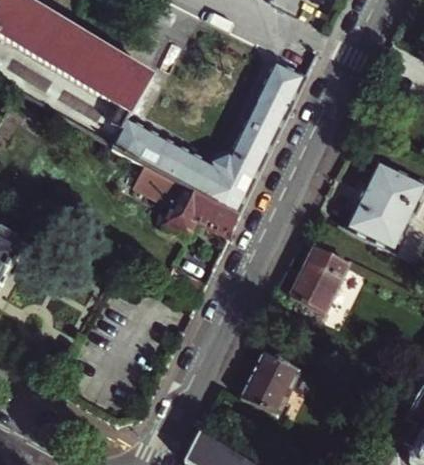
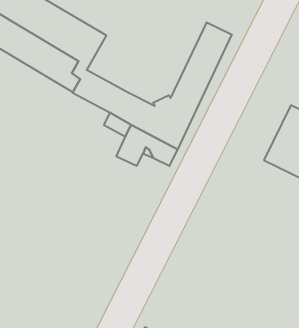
building: [290,245,349,312] -> none
building: [241,349,298,412] -> none

